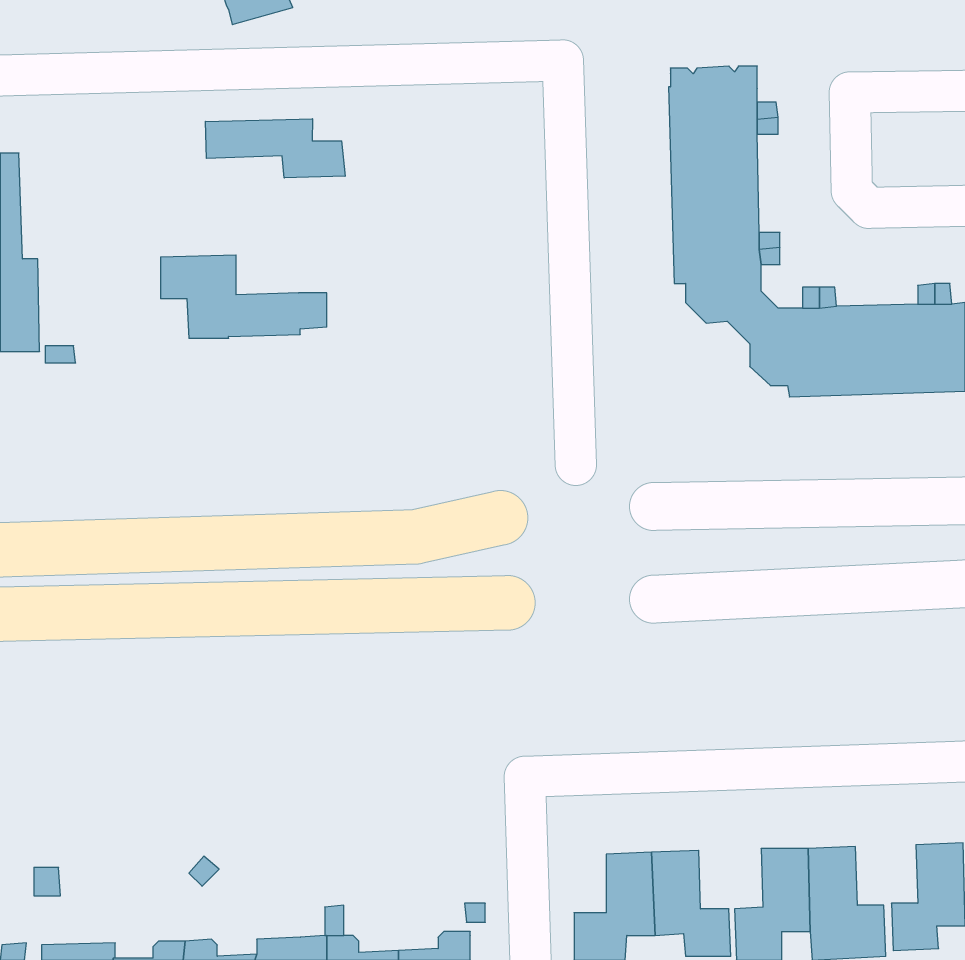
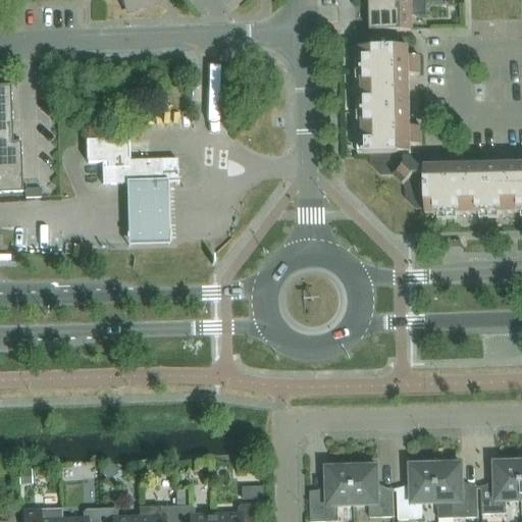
building: none -> [369,4,426,29]
building: [205,119,345,178] -> none
building: none -> [123,180,171,252]

